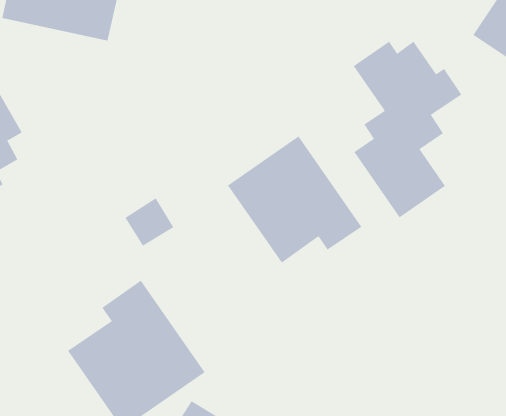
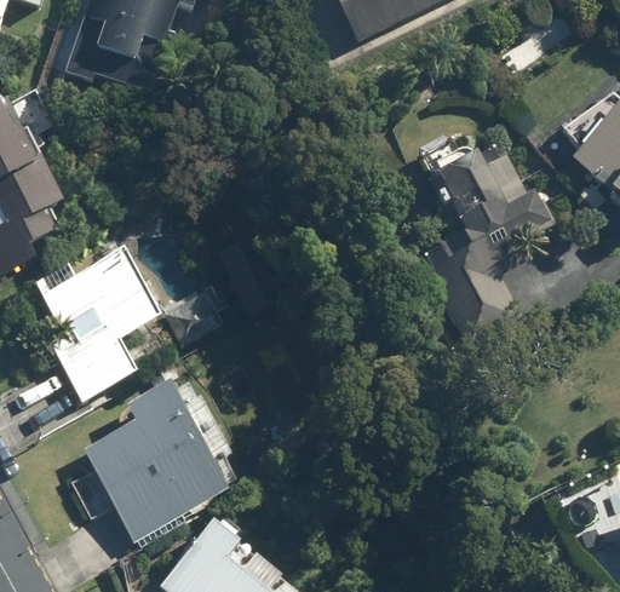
building: [227,135,362,264] -> none
building: none -> [41,246,166,401]

